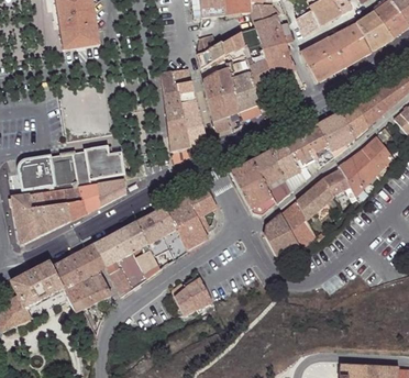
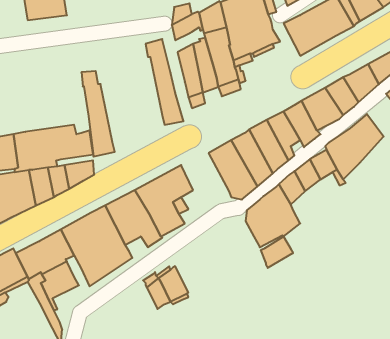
building: [159,71,190,151] -> [81,71,115,157]
building: none -> [261,236,293,268]

